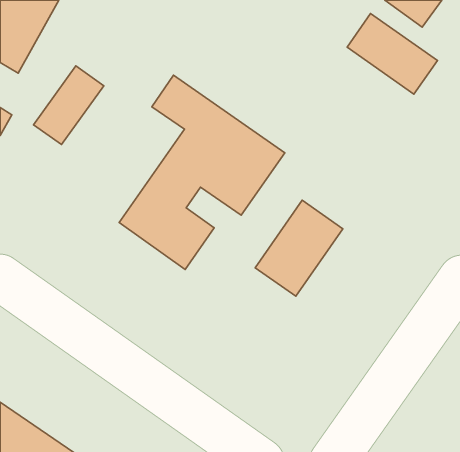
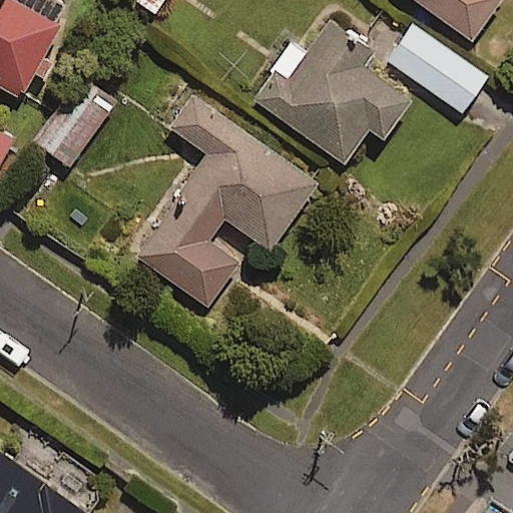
building: none -> [253,22,411,162]
building: [255,200,343,296] -> none

